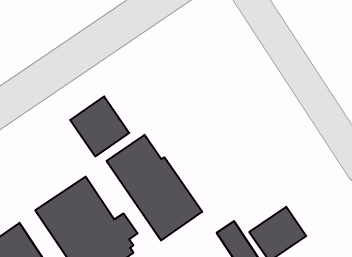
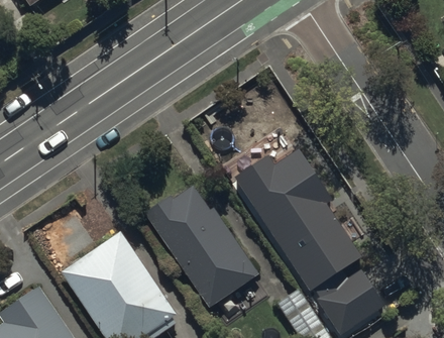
building: [70,96,129,156] -> none
building: none -> [231,147,361,290]

